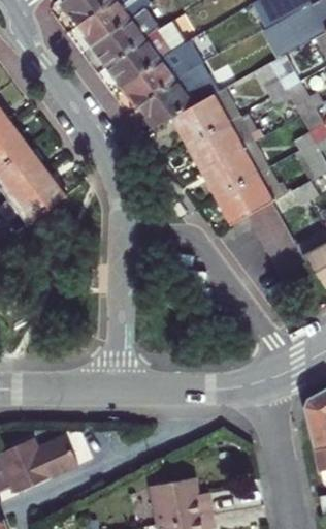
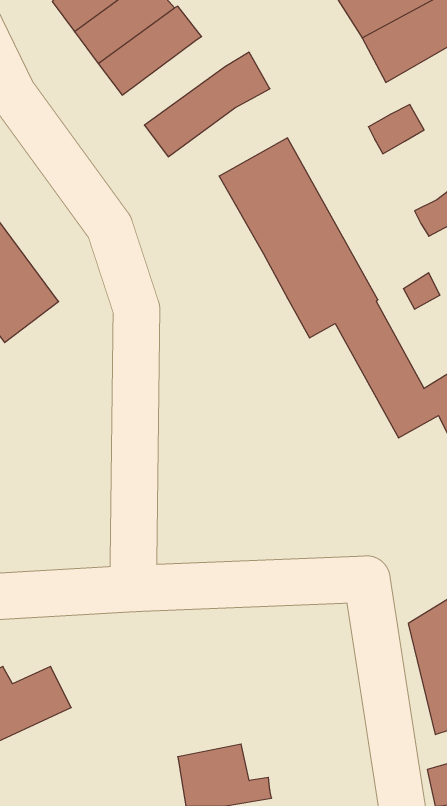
building: [108,12,191,82] -> none
building: [138,70,216,124] -> none

